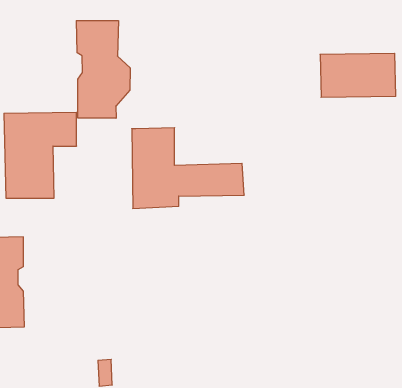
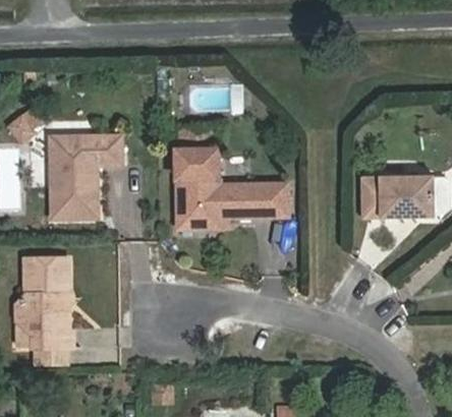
building: [76,21,130,118] -> none
building: [320,53,396,97] -> [359,174,435,218]

